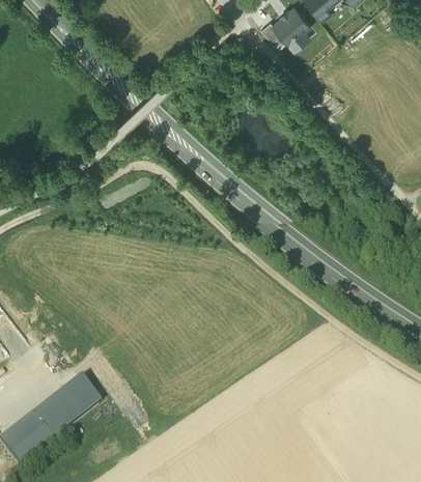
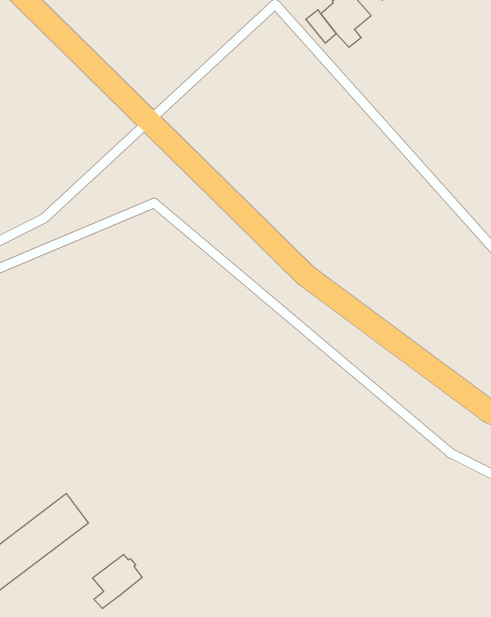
building: none -> [93,554,142,609]

